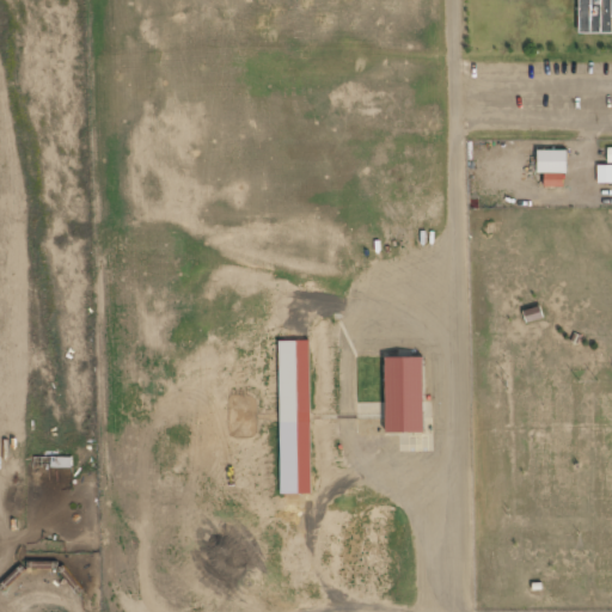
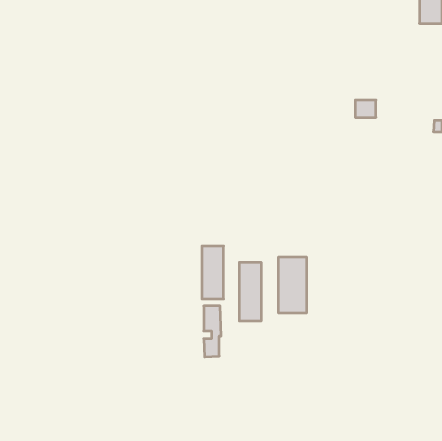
building: [538,149,567,173] -> [355,100,376,117]
building: none -> [239,262,261,321]

